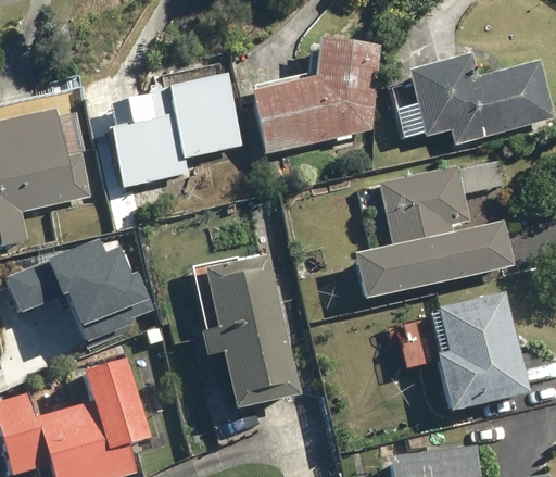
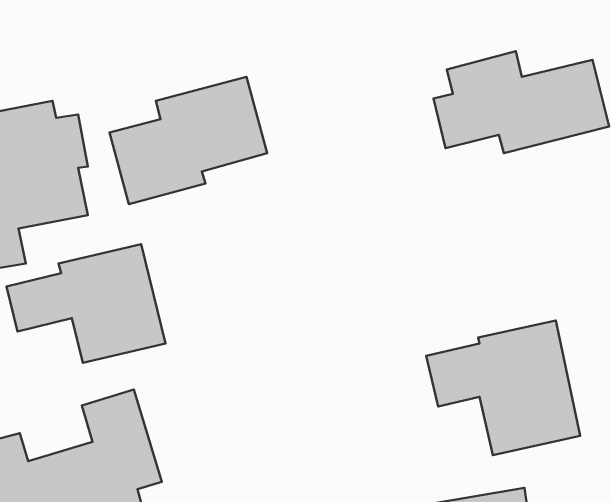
building: [248,38,380,152] -> none
building: [350,166,511,303] -> none
building: [200,252,299,410] -> none

